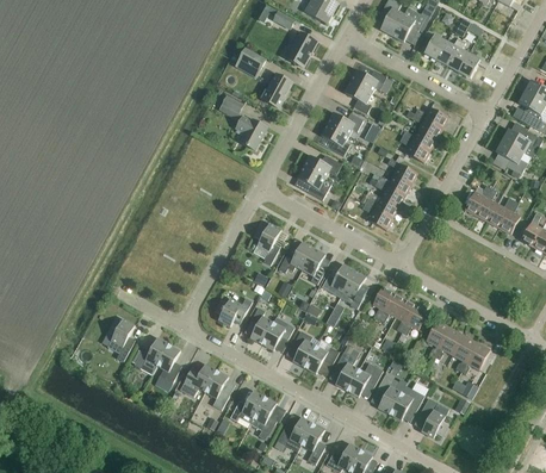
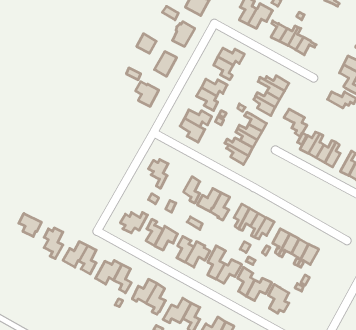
building: [495,141,527,179] -> [284,109,307,136]
building: [278,242,314,273] -> none
building: none -> [19,213,41,237]

